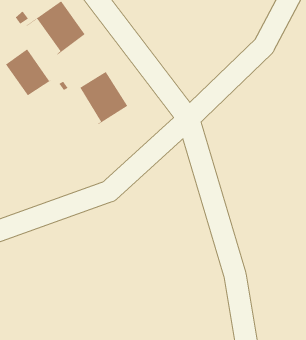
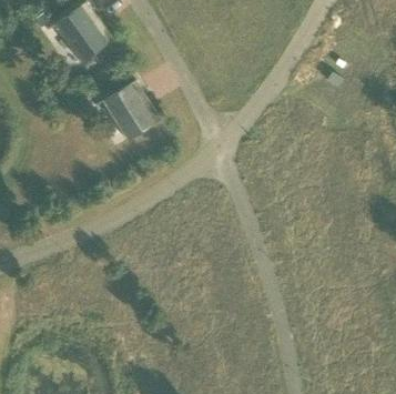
building: [5,42,53,96] -> none

